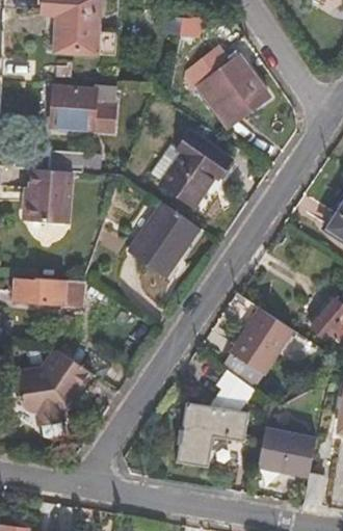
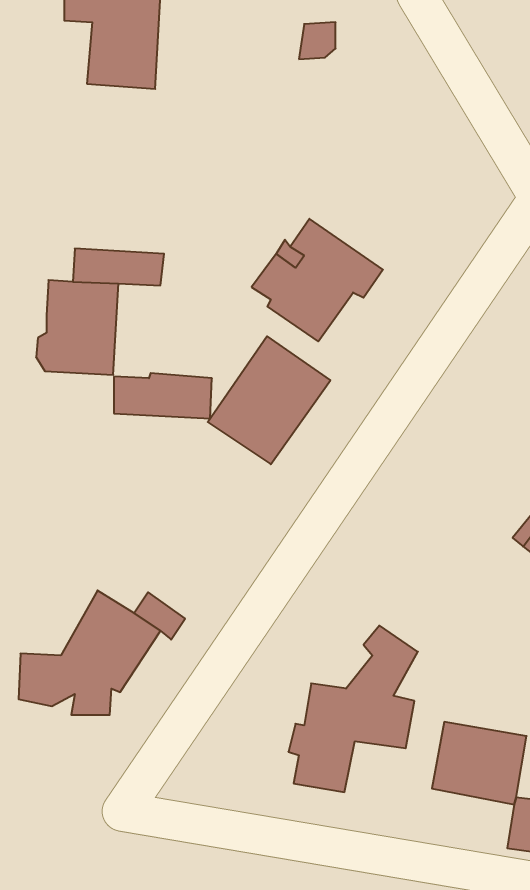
building: [182,50,273,133] -> none
building: [48,81,114,134] -> none
building: [16,278,74,306] -> [114,373,212,419]
building: [232,306,294,372] -> none

